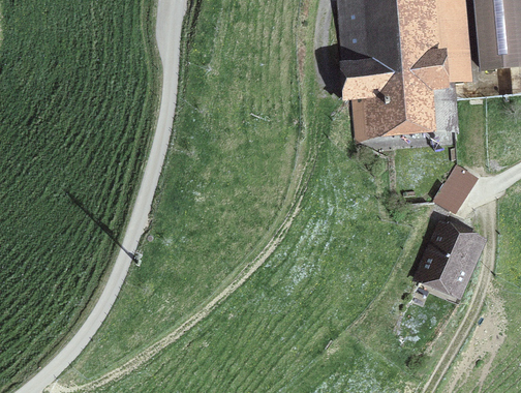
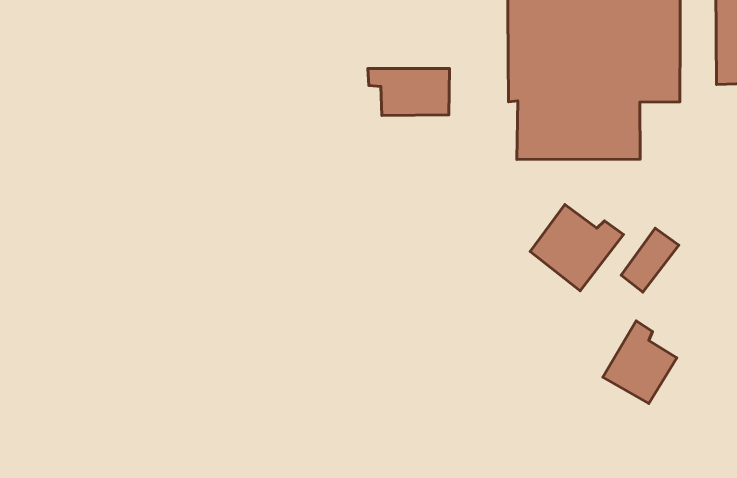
building: none -> [368,68,449,116]
building: none -> [530,205,623,291]

